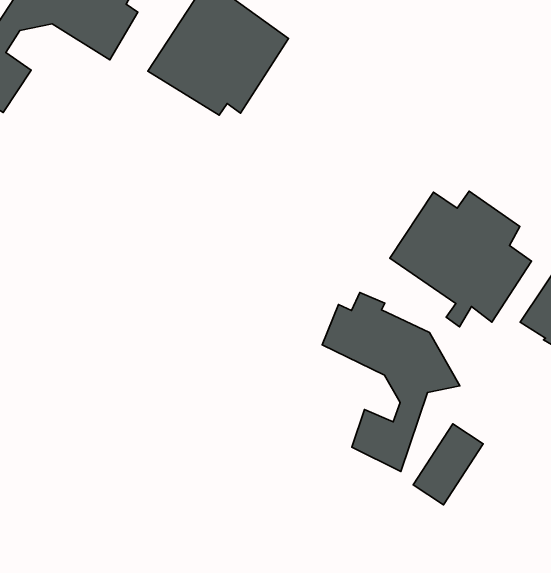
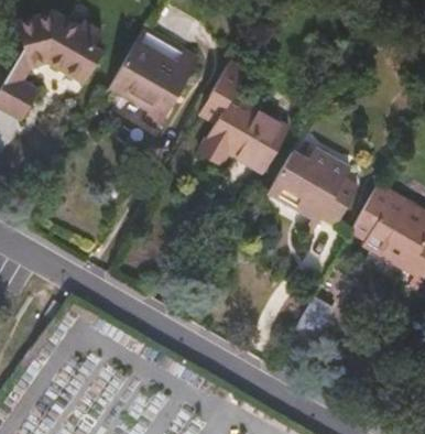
building: none -> [197,62,286,175]
building: [322,293,460,471] -> none

